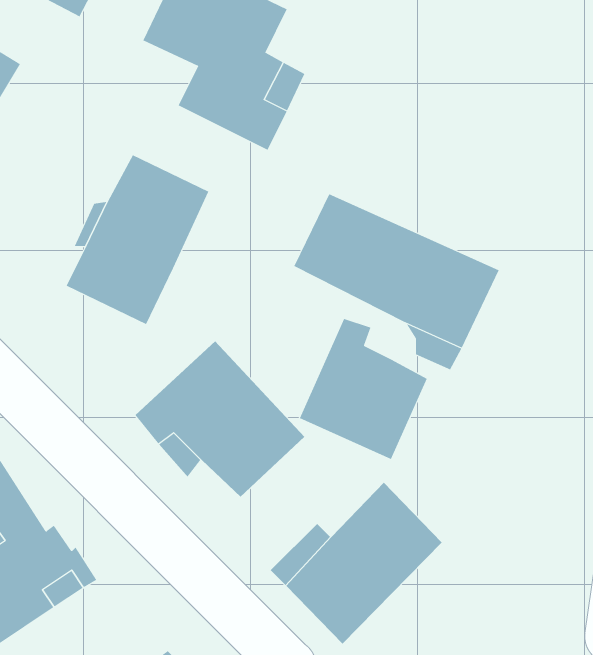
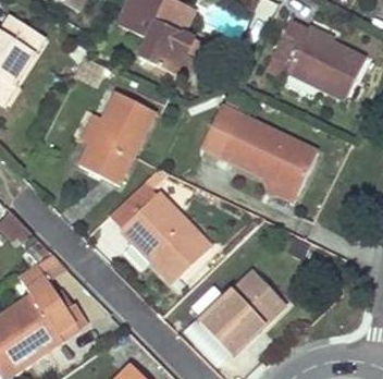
building: none -> [270,21,363,101]
building: [299,318,428,460] -> none

